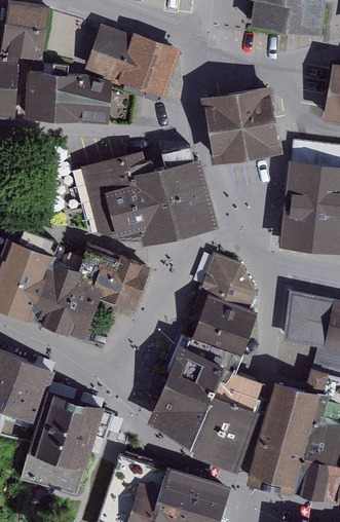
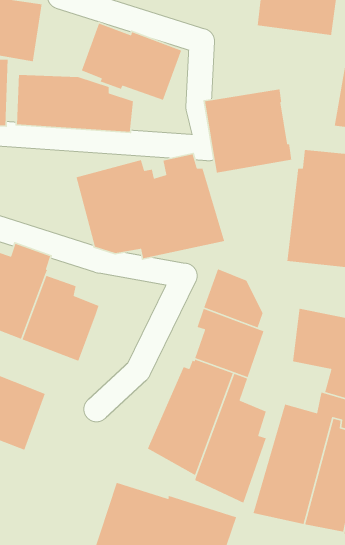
building: [78,248,150,310] -> none
building: [22,392,113,496] -> none

